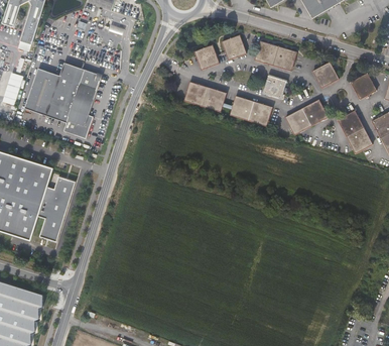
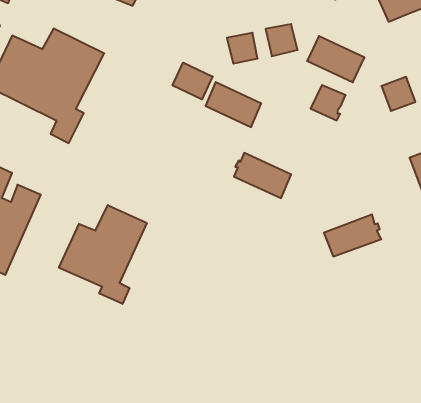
building: none -> [173,63,213,99]
building: [230,96,271,125] -> [234,153,291,198]
building: [285,98,328,132] -> [324,214,381,256]
building: none -> [59,205,147,304]

